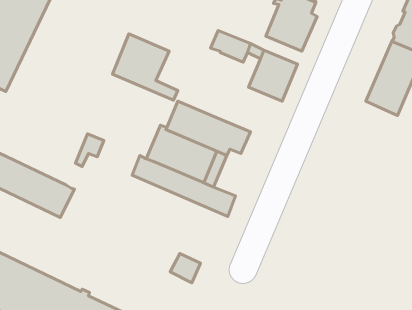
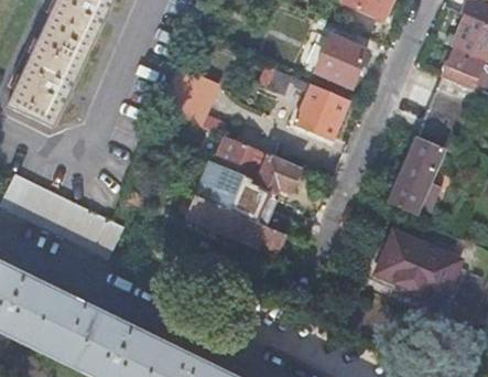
building: none -> [391,138,443,213]
building: none -> [376,233,458,302]

